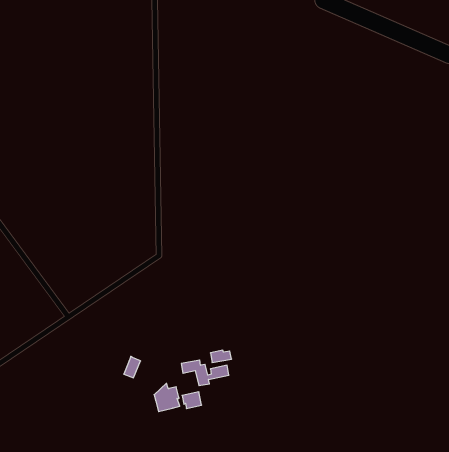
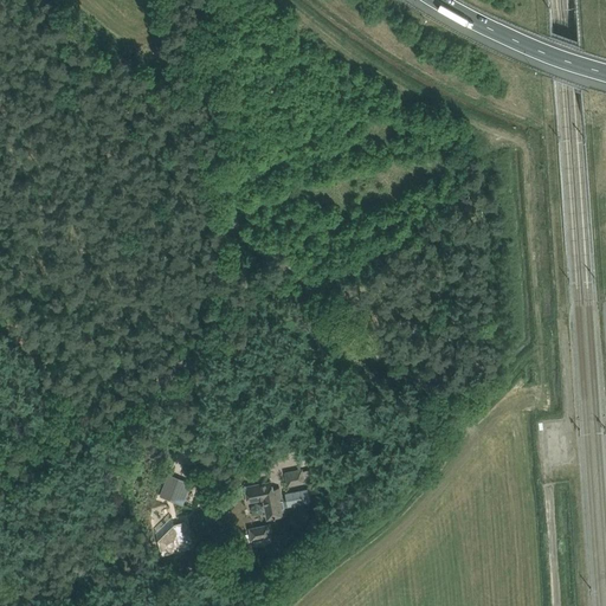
building: [154,383,180,412] -> [152,517,186,555]

